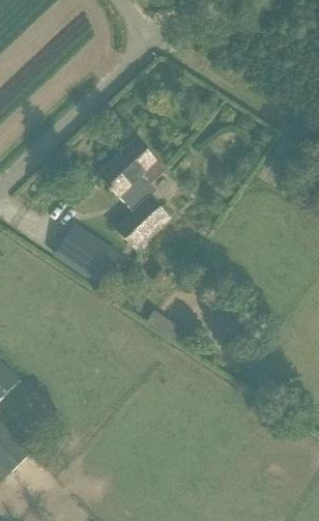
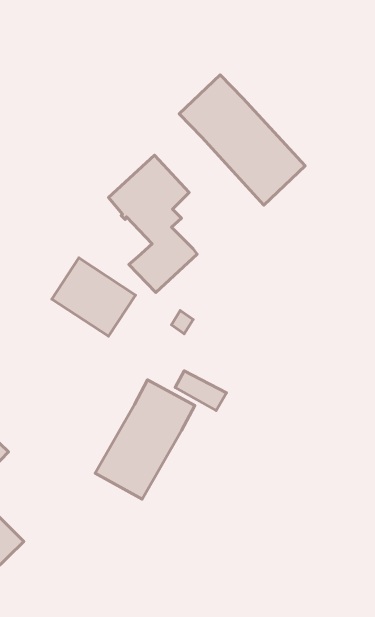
building: none -> [179,75,305,205]
building: none -> [95,380,195,499]

